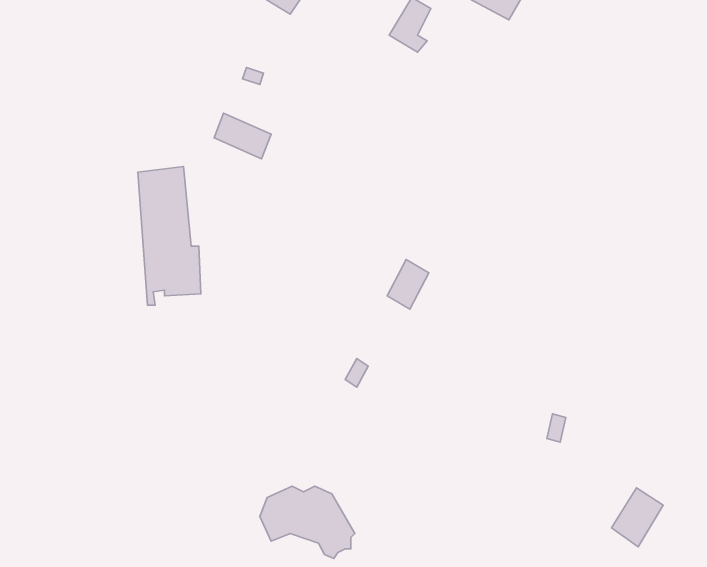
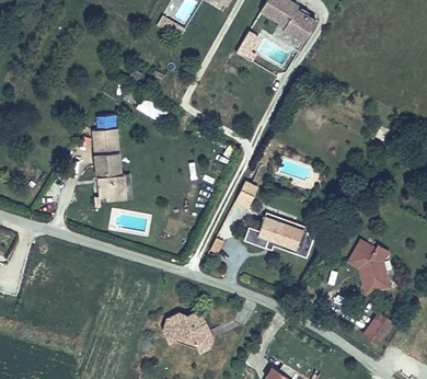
building: none -> [242,213,315,260]
building: none -> [348,240,390,295]

